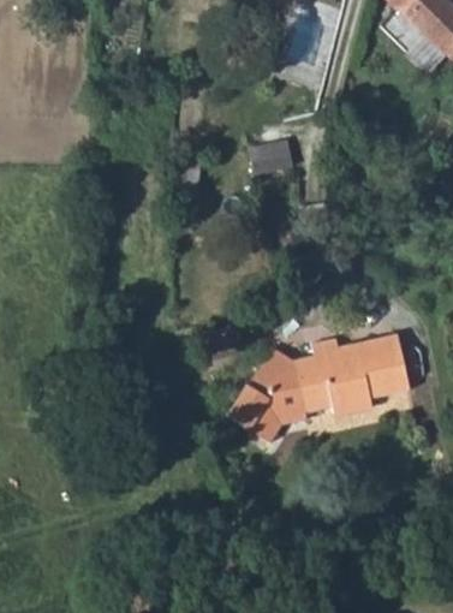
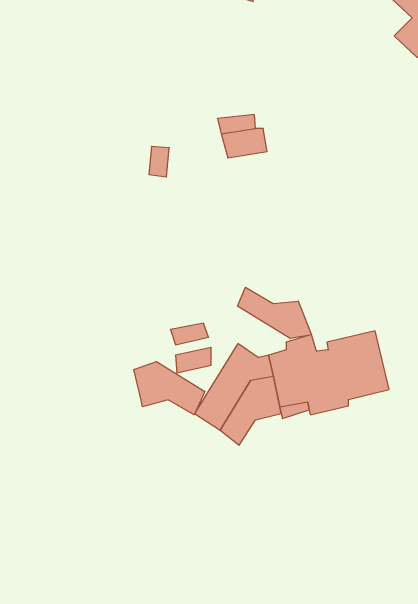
building: none -> [238,287,312,339]
building: none -> [134,362,205,415]

